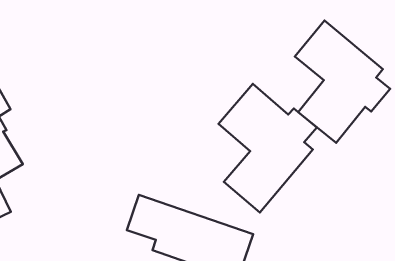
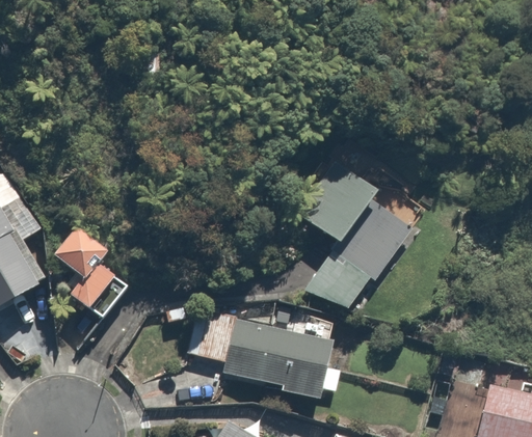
building: [295,20,390,143] -> none
building: none -> [50,216,125,321]

